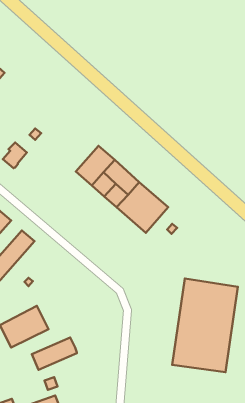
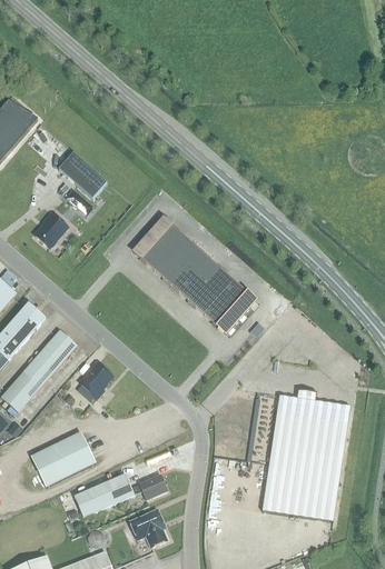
building: none -> [58,152,106,198]
building: none -> [79,362,112,398]
building: none -> [131,473,167,499]
building: none -> [128,508,167,547]

